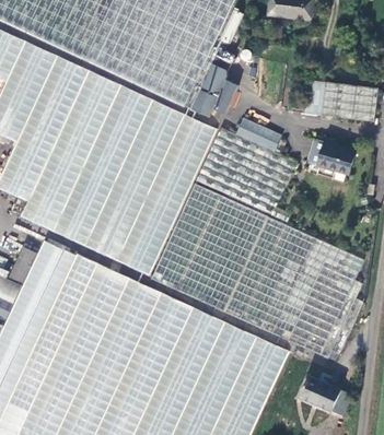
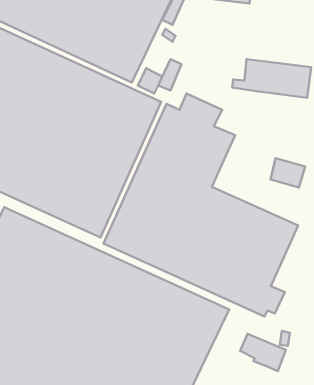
building: [200,66,225,96] -> none
building: [316,144,353,176] -> [271,158,305,188]

